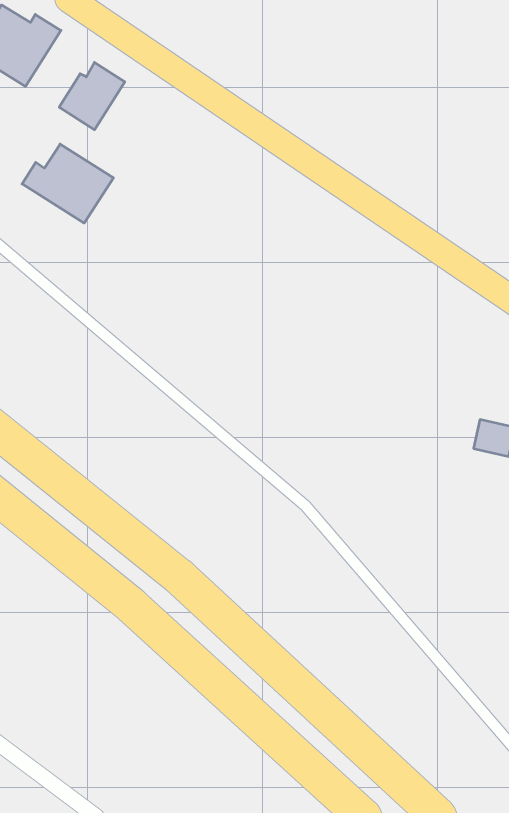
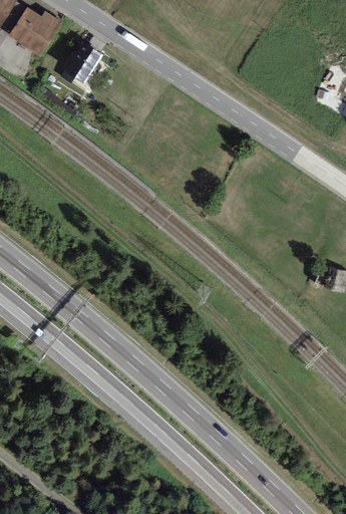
building: [22,144,113,223] -> none

